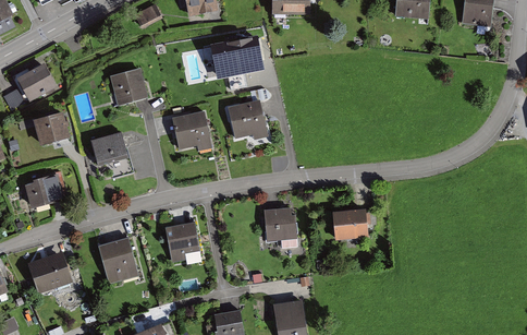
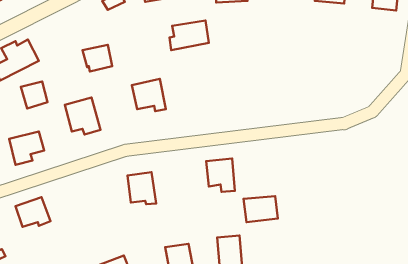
building: [228,100,268,140] -> none
building: [330,208,371,240] -> [244,196,278,222]
building: [98,238,137,287] -> none

